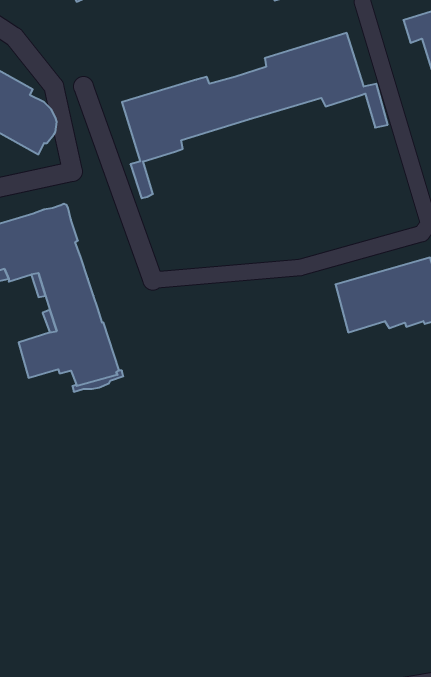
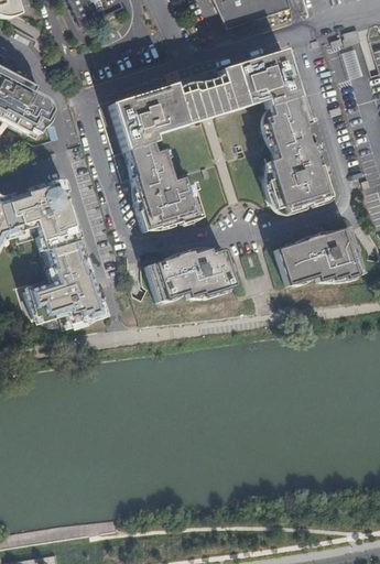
building: none -> [262,98,328,214]
building: none -> [123,142,198,229]
building: none -> [143,242,232,295]

